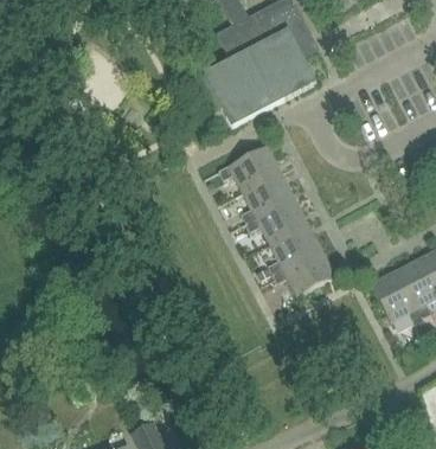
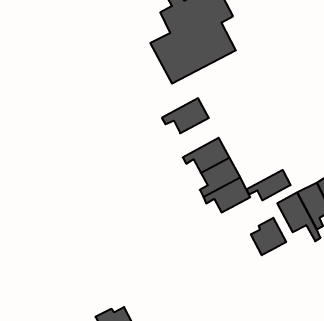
building: [241,169,293,222] -> none
building: none -> [246,170,291,200]
building: none -> [251,218,286,255]

